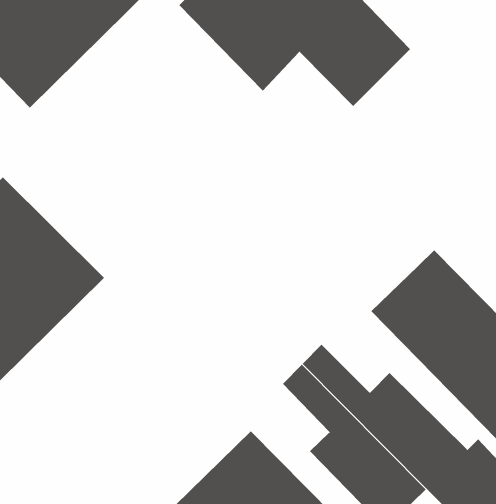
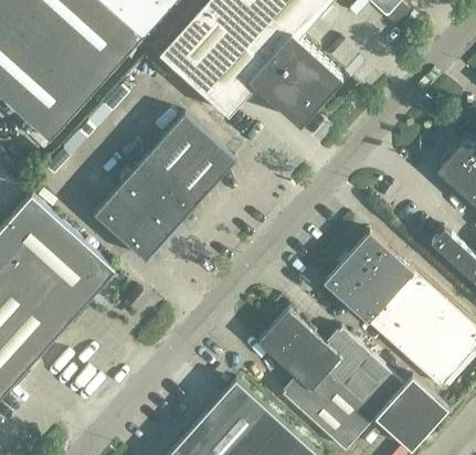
building: none -> [93,114,234,261]

